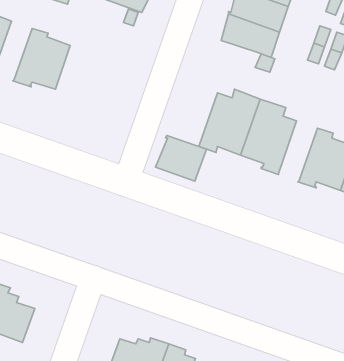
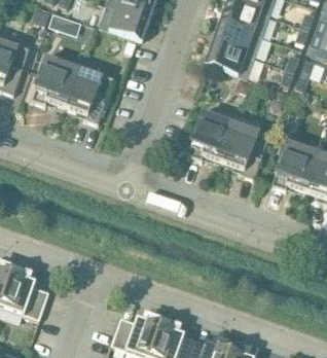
building: none -> [67,68,114,122]
building: [155,135,207,181] -> none

